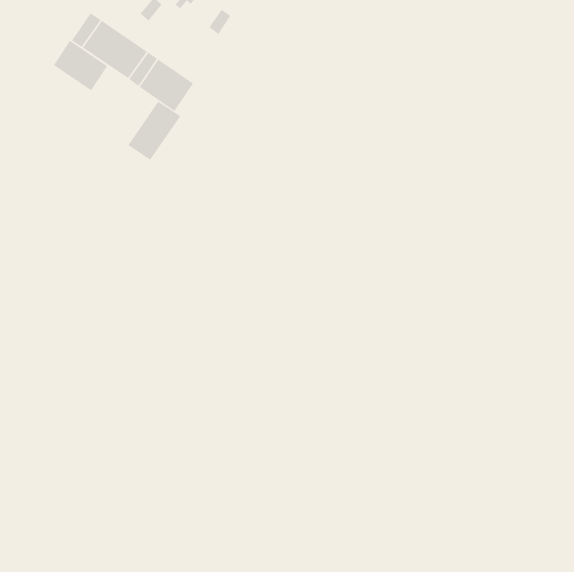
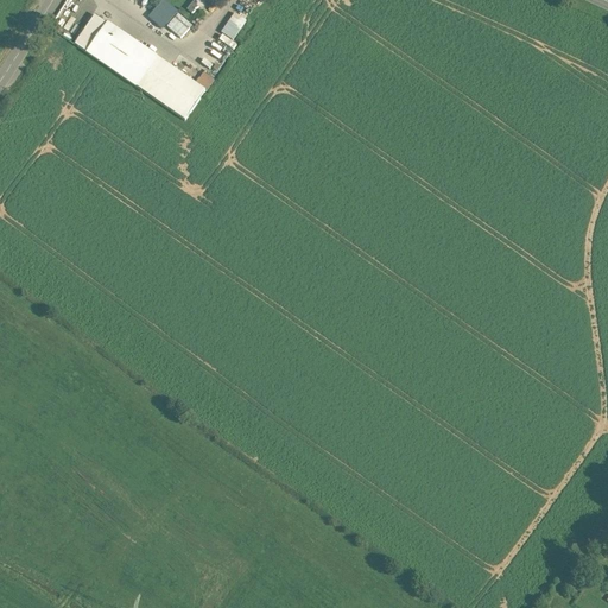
building: [53,40,108,91] -> none
building: [127,101,181,161] -> none

